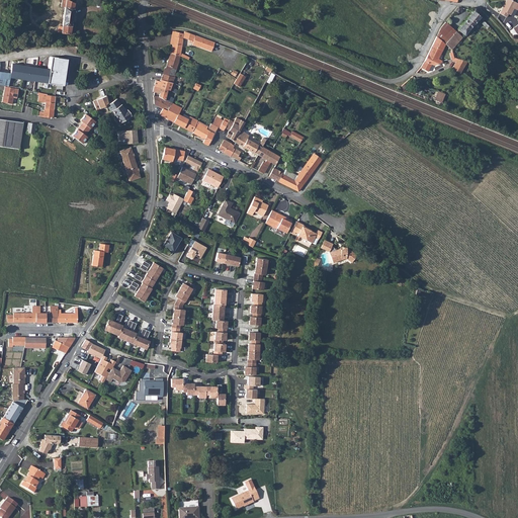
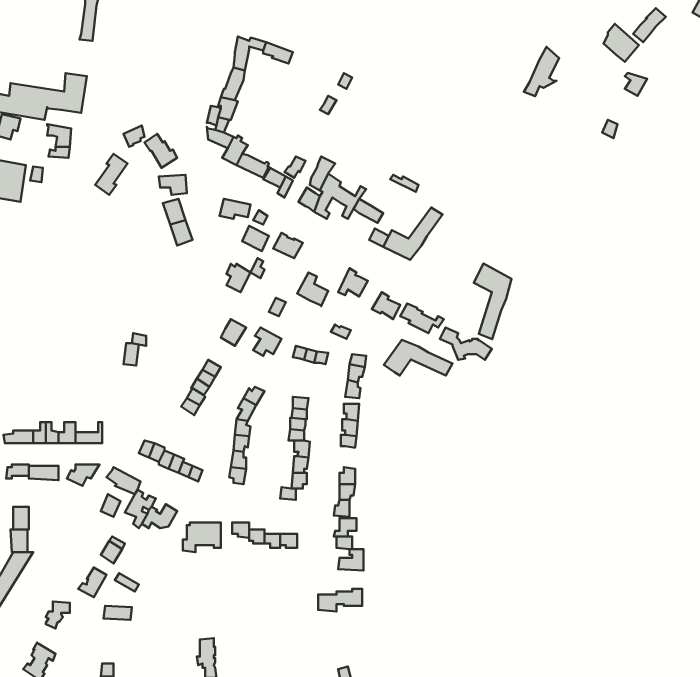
building: [421,35,446,71] -> [524,47,559,96]
building: none -> [474,264,512,339]
building: none -> [384,340,453,376]

